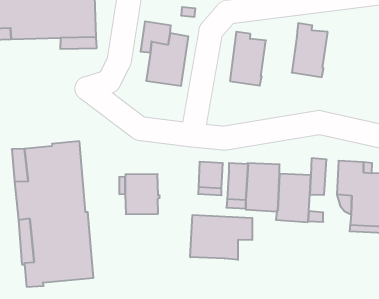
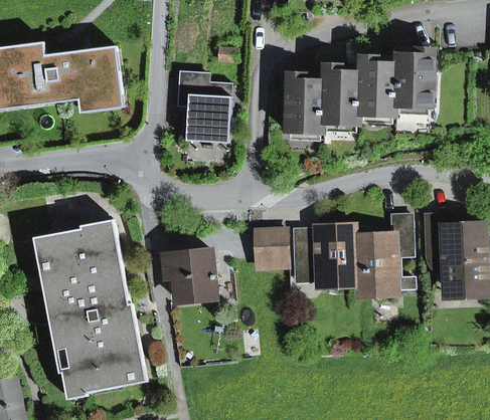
building: none -> [394,47,434,108]
building: none -> [322,63,360,125]
building: [190,215,252,260] -> none

